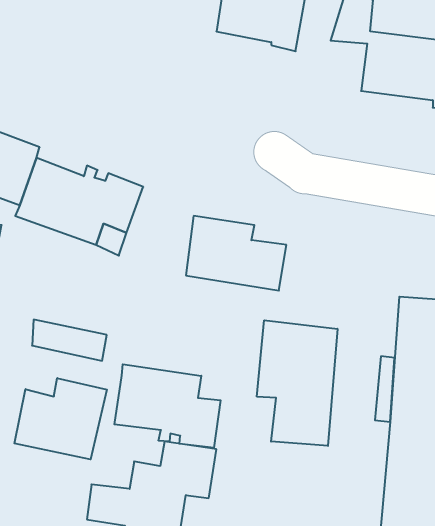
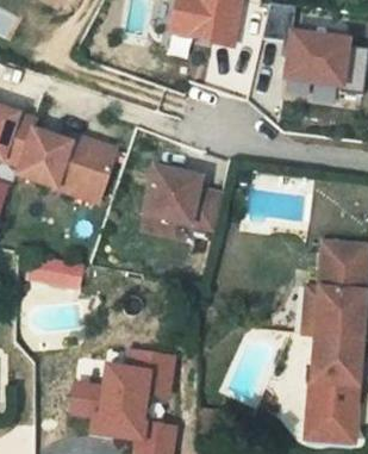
building: [257,320,337,446] -> none
building: [114,364,221,448] -> none
building: [14,378,107,459] -> none

